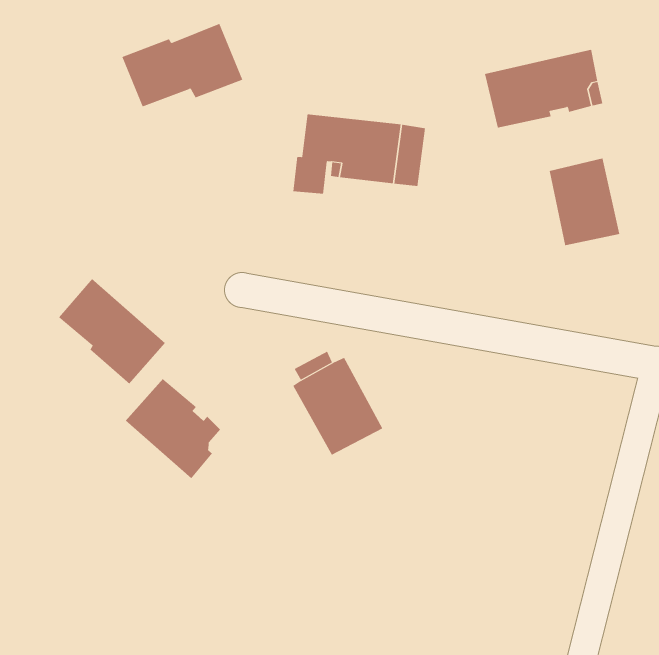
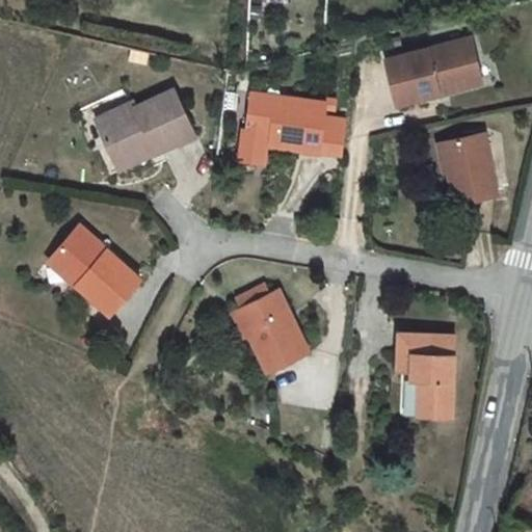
building: [121,23,243,107] -> [96,88,193,156]
building: [125,378,221,479] -> none
building: none -> [399,332,453,414]

